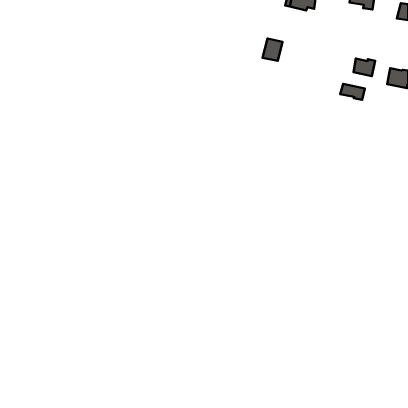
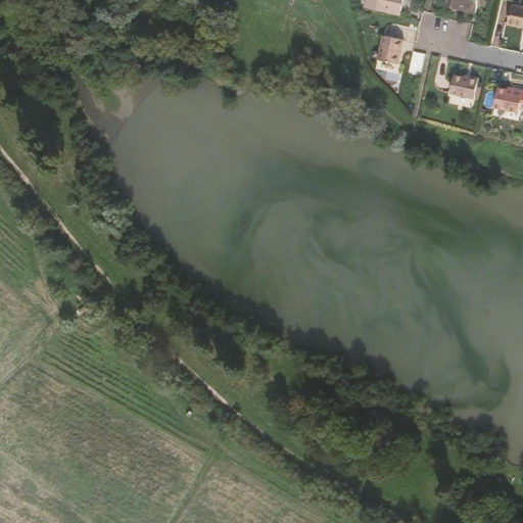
building: [263,39,283,61] -> [376,36,401,64]
building: [340,84,365,100] -> none

